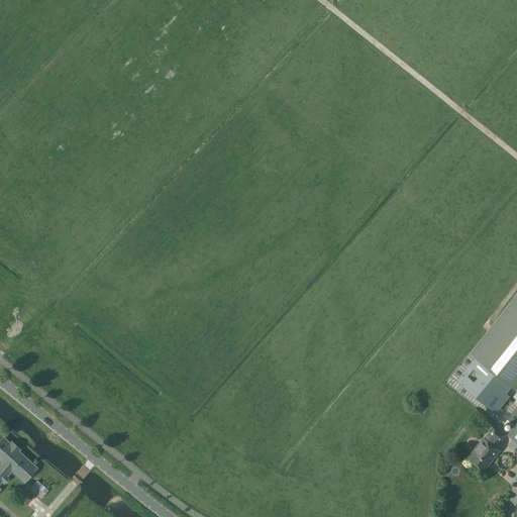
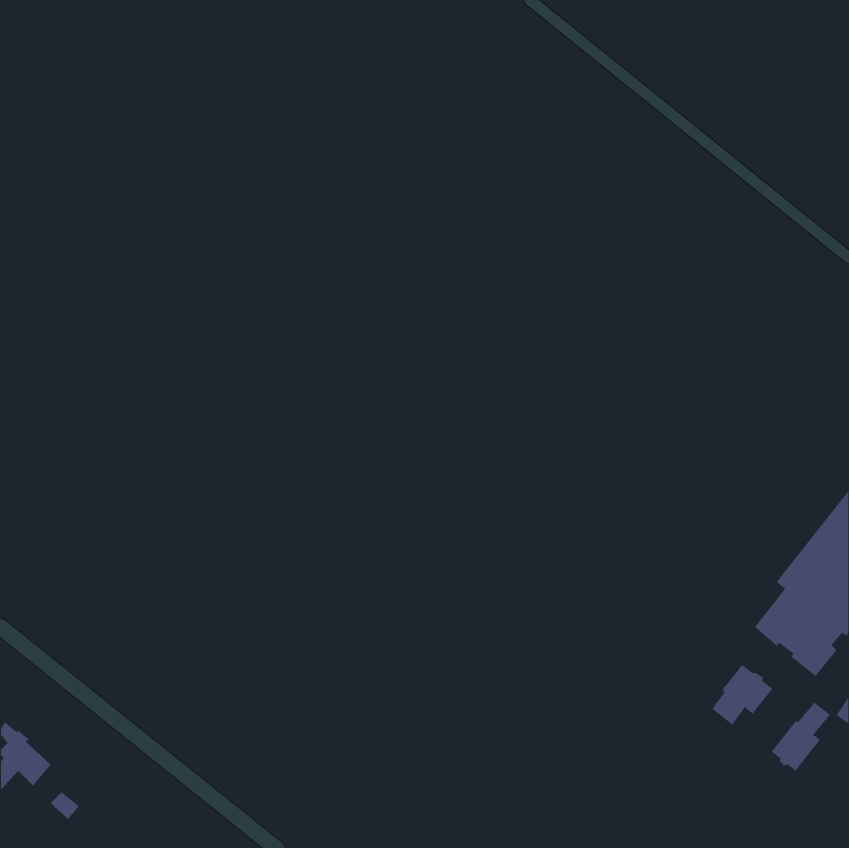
building: none -> [711,664,773,725]

